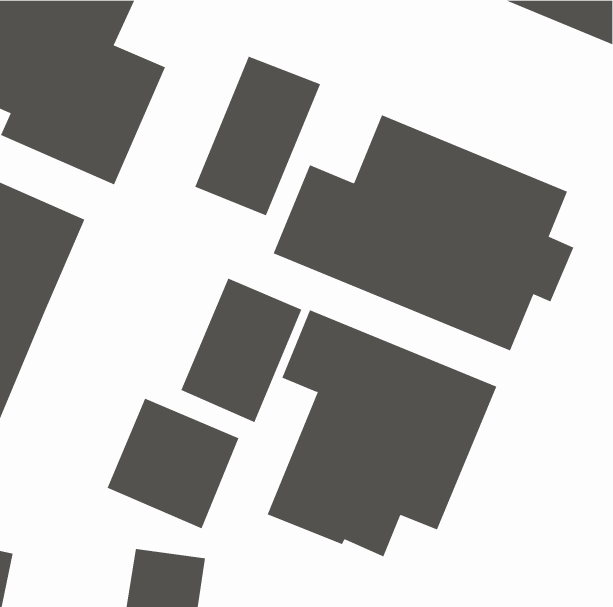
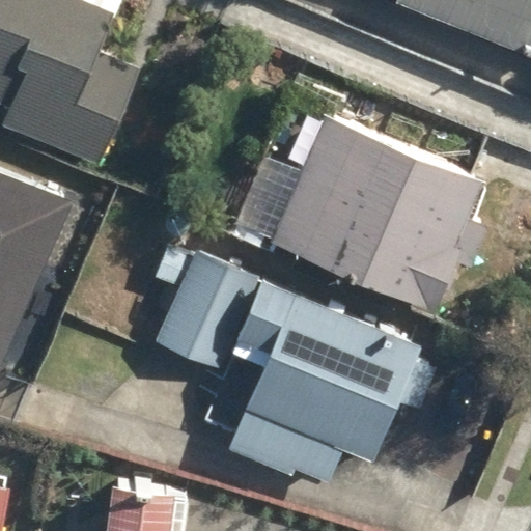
building: [195,56,321,216] -> none
building: [107,398,239,529] -> none

